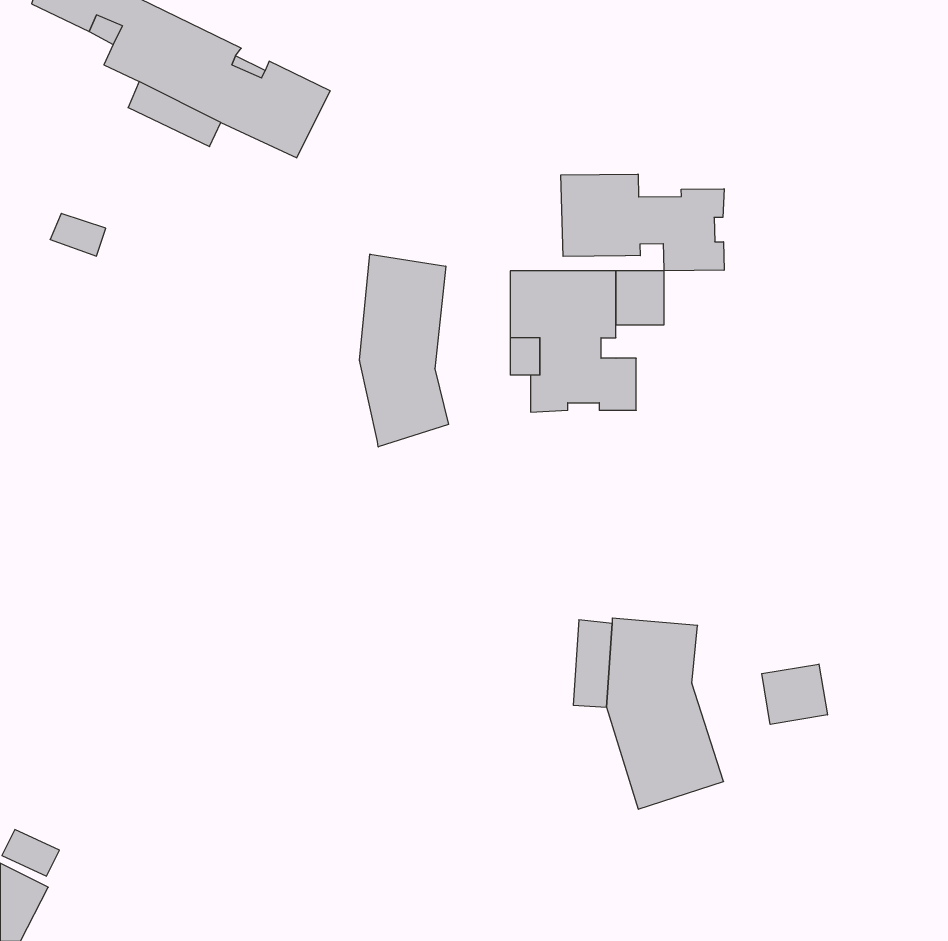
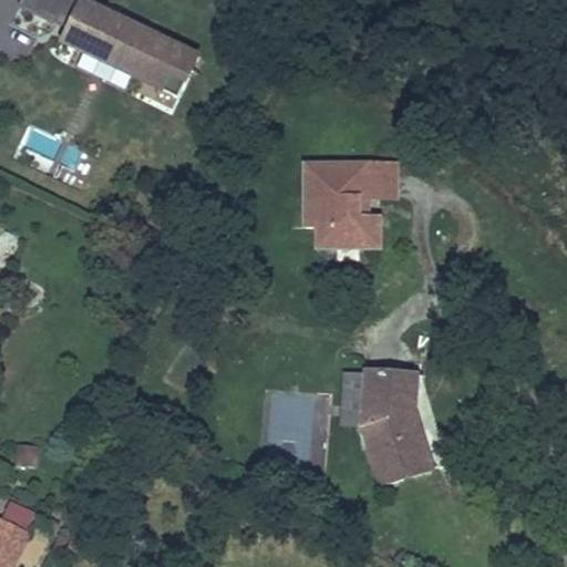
building: [561,174,724,271] -> none
building: [360,254,448,447] -> none
building: [762,664,827,724] -> none

